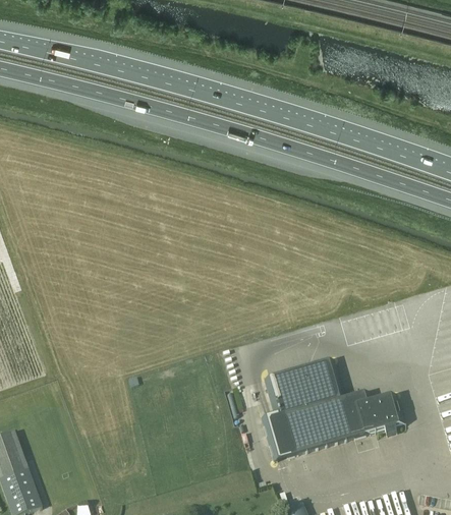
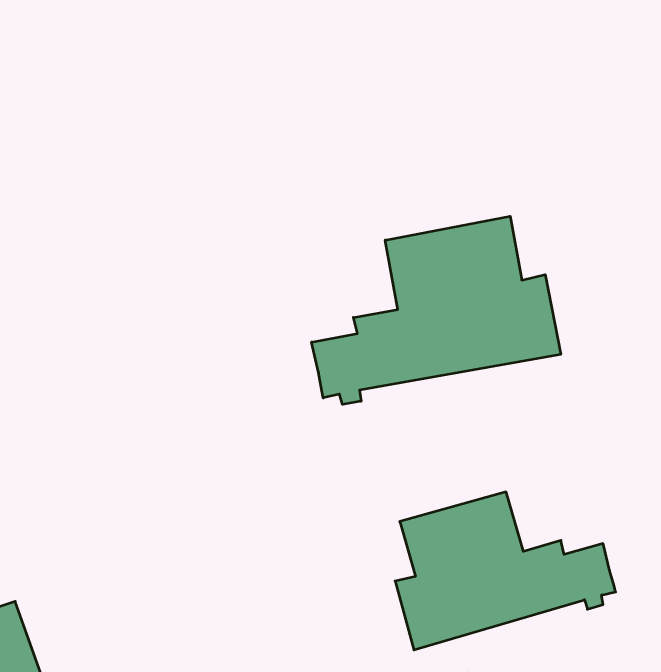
building: none -> [312,216,561,404]

